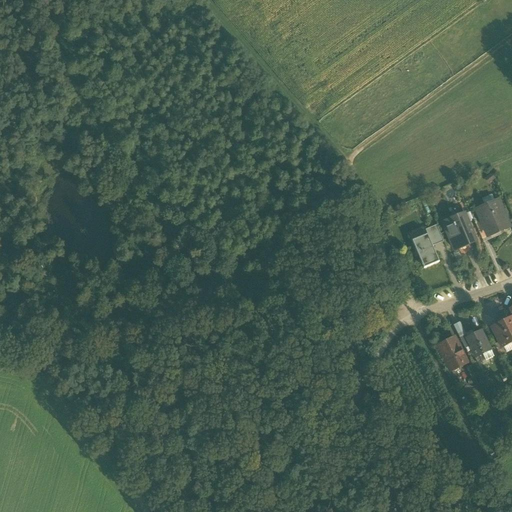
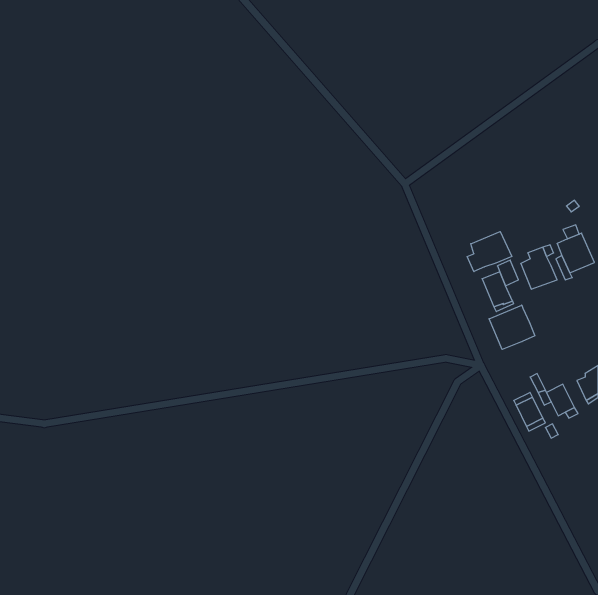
building: none -> [467,232,512,272]
building: none -> [489,305,535,349]

